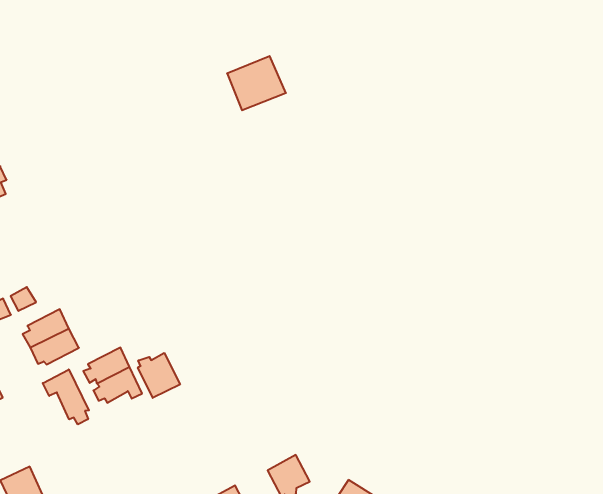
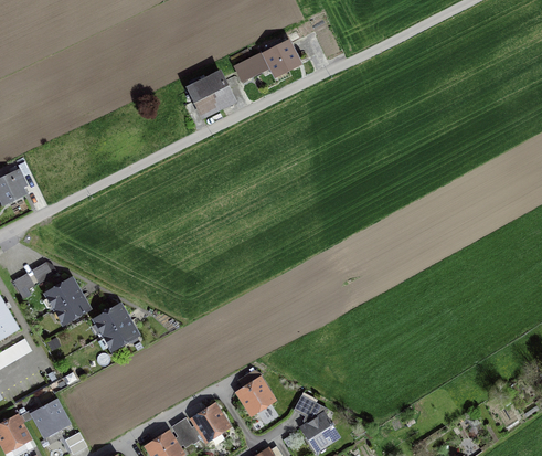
building: none -> [234,42,298,81]
building: [138,353,180,398] -> none
building: [43,369,89,424] -> none

